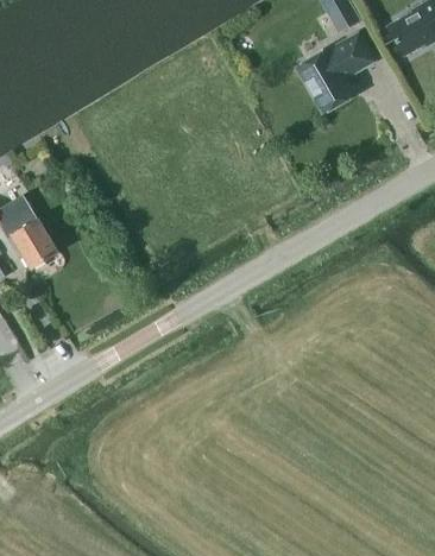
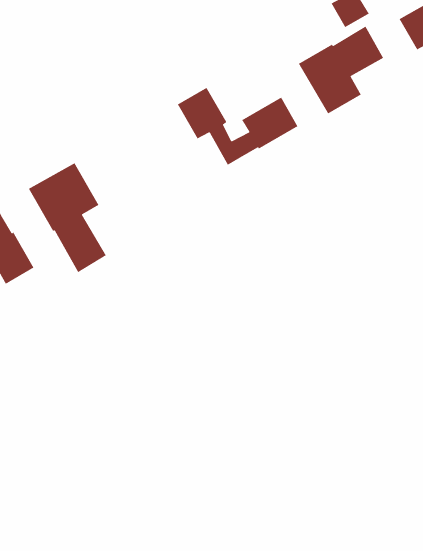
building: none -> [177,87,298,166]
building: none -> [28,162,107,273]

